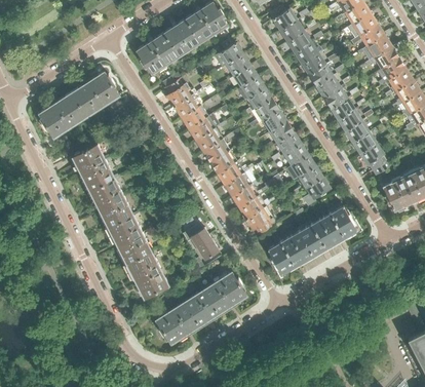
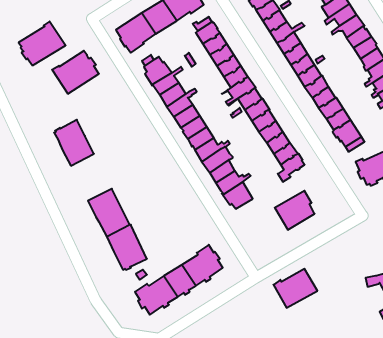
building: [39,91,87,137] -> [19,21,66,65]
building: [90,178,132,226] -> none
building: [331,206,357,239] -> none
building: [191,228,219,260] -> none
building: [268,233,313,273] -> [273,269,317,308]

